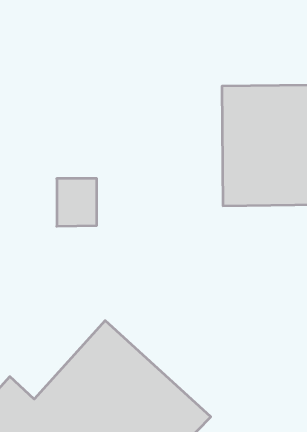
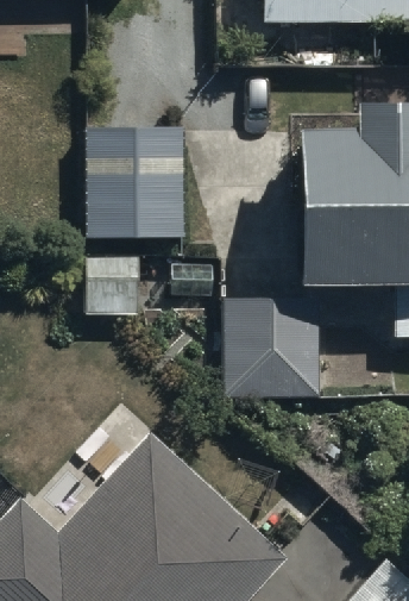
building: none -> [92,118,191,230]
building: none -> [227,309,323,396]

